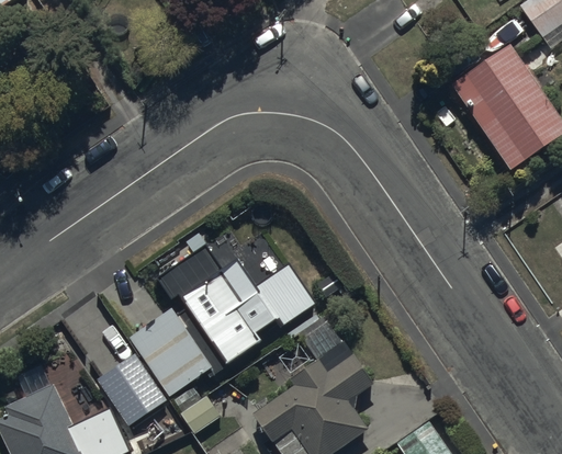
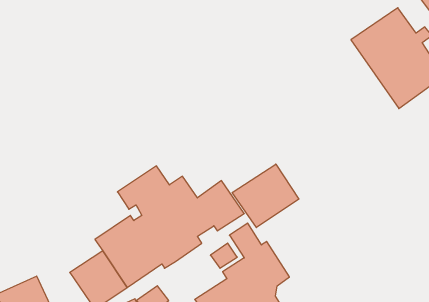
building: none -> [232,164,299,228]

